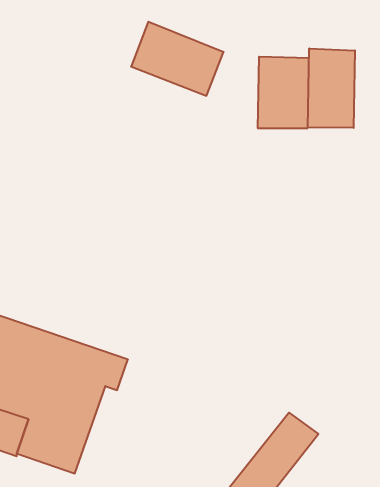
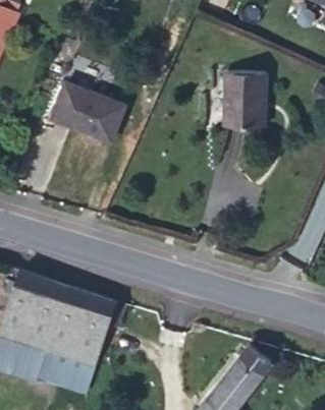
building: [131,22,224,96] -> [53,82,124,139]
building: [308,48,355,128] -> none

